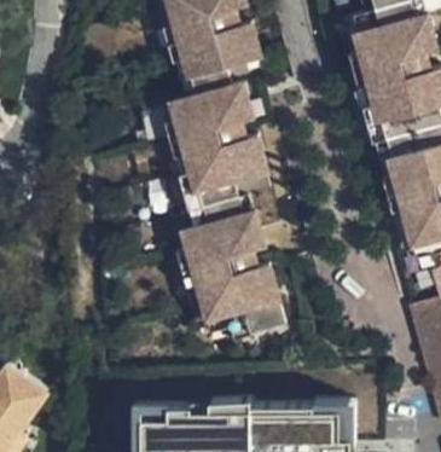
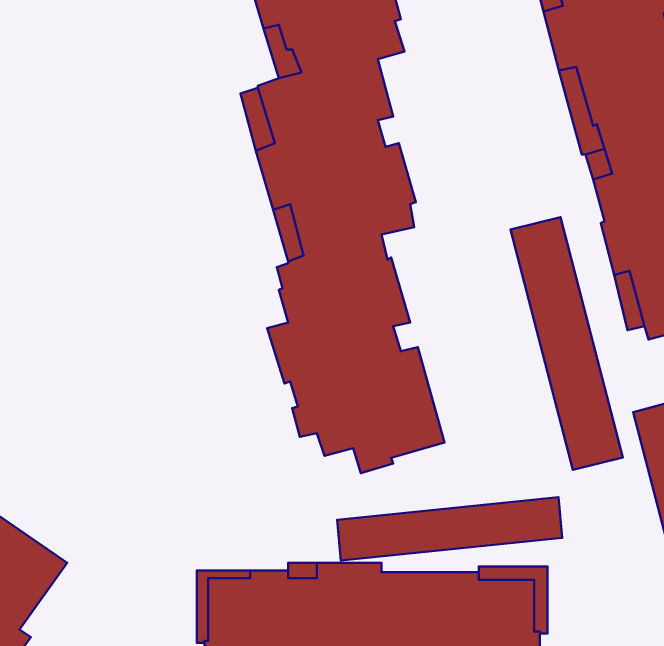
building: none -> [511,217,623,470]
building: none -> [337,497,562,561]

